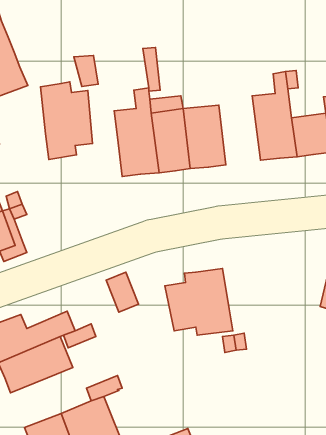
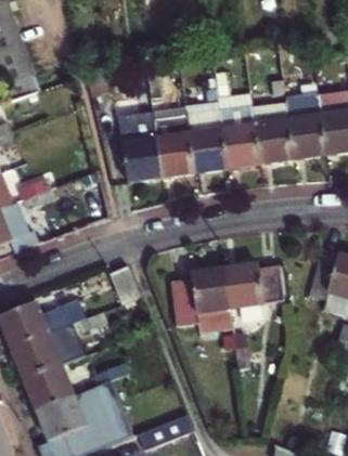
building: none -> [215,86,257,166]
building: [40,82,93,159] -> none
building: none -> [221,259,279,301]
building: none -> [22,366,69,413]

